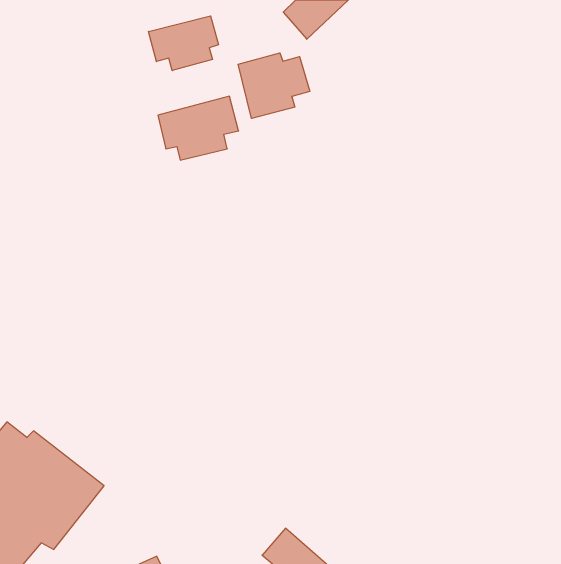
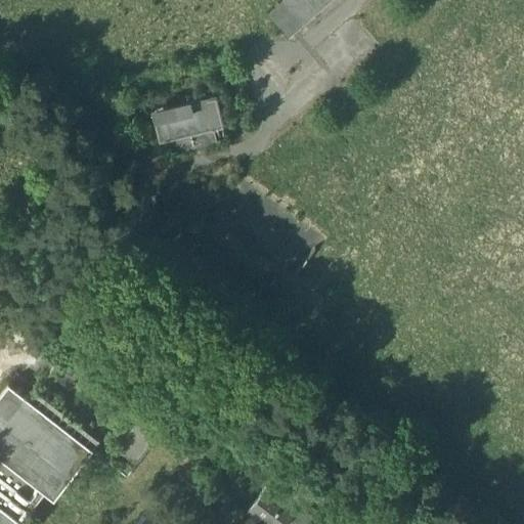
building: [149,16,219,71] -> none
building: [238,53,310,118] -> none

